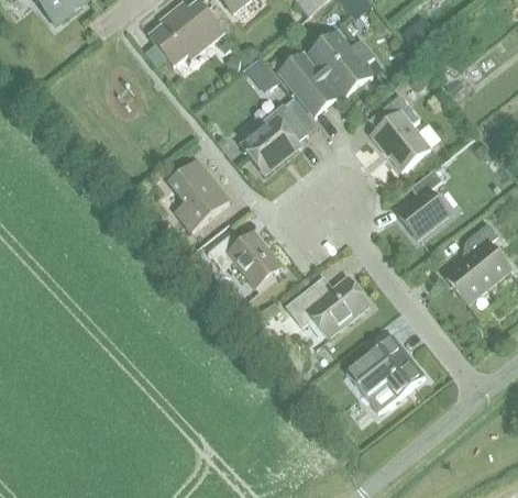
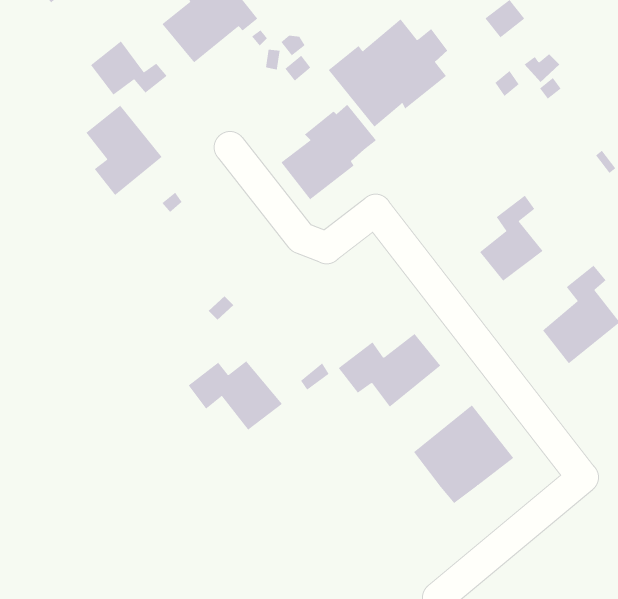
building: none -> [90,41,167,96]
building: [368,95,430,170] -> none
building: [168,159,229,231] -> [85,105,162,196]
building: [207,232,282,287] -> [188,360,283,430]

